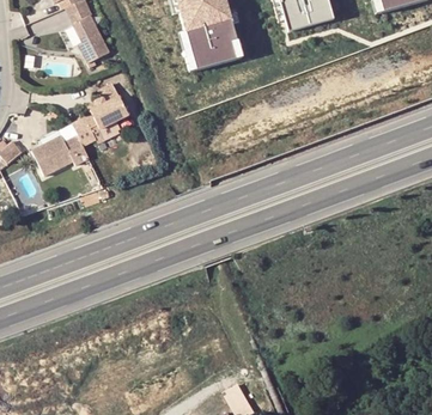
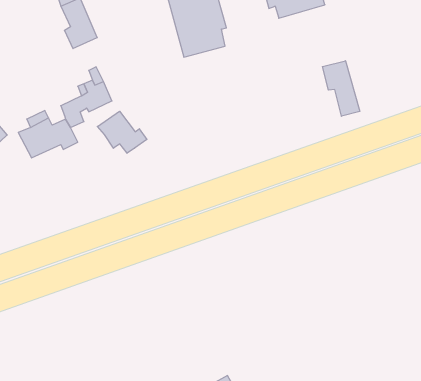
building: none -> [322,61,360,116]
building: none -> [97,111,147,153]

